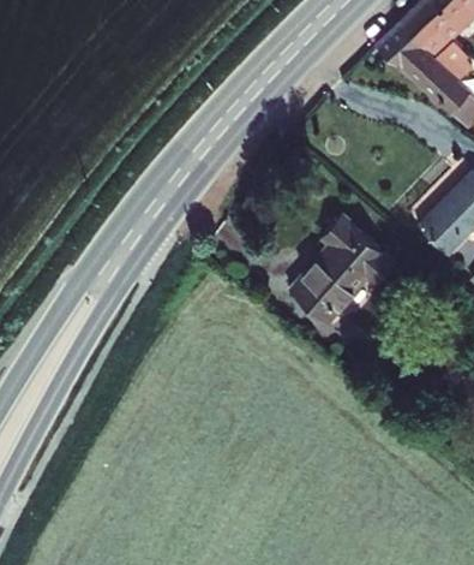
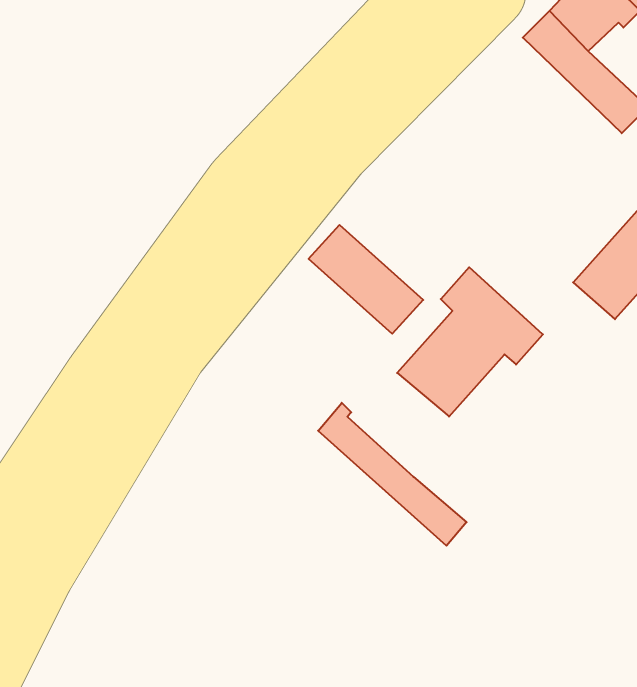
building: none -> [309,225,423,334]
building: none -> [318,403,467,546]

